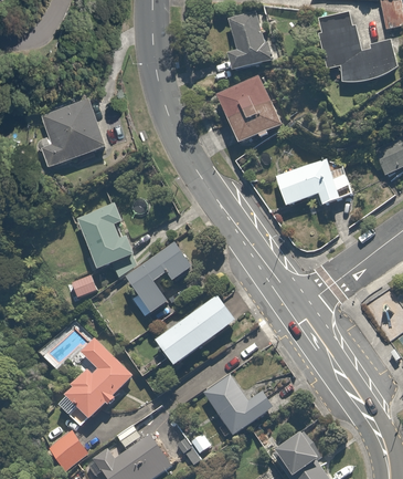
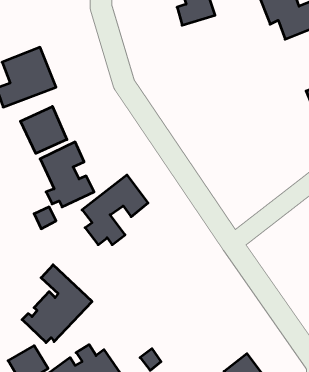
building: [218,75,283,147] -> none
building: [273,149,354,210] -> none
building: none -> [20,106,67,153]
building: [159,292,242,366] -> none
building: [204,375,277,437] -> none

